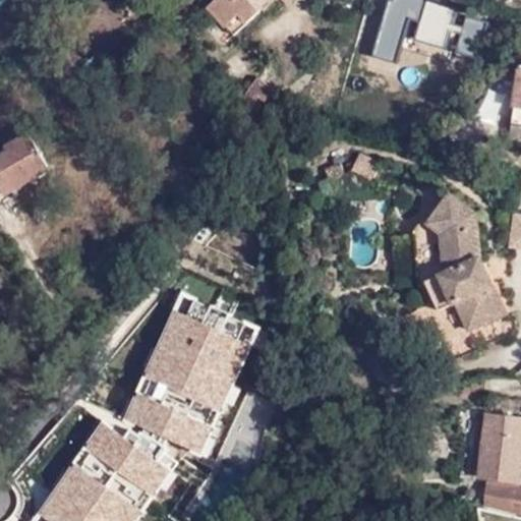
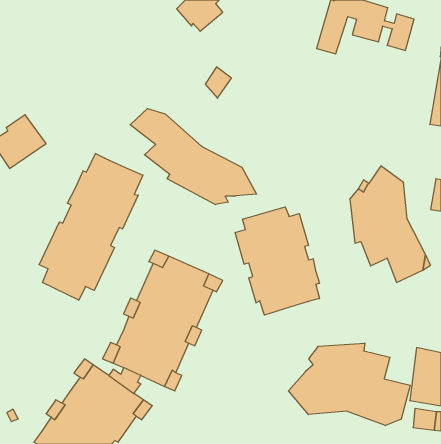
building: none -> [130,109,257,205]
building: none -> [39,153,143,300]
building: none -> [235,207,319,315]
building: none -> [289,343,410,426]

